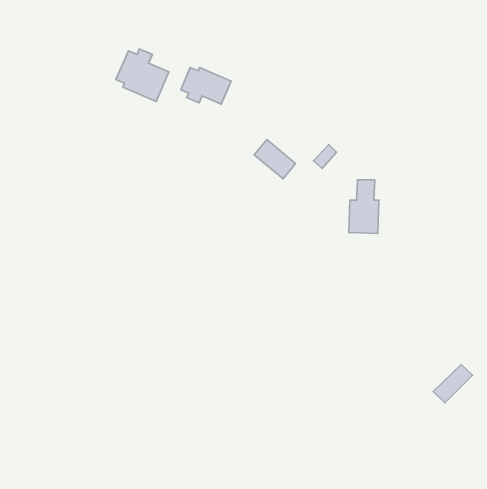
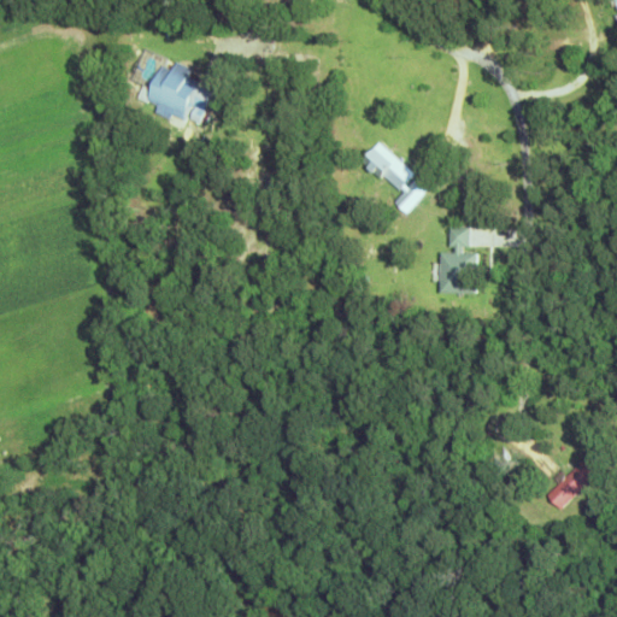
building: [181,67,231,104] -> none
building: [254,140,296,179] -> [362,142,413,192]

